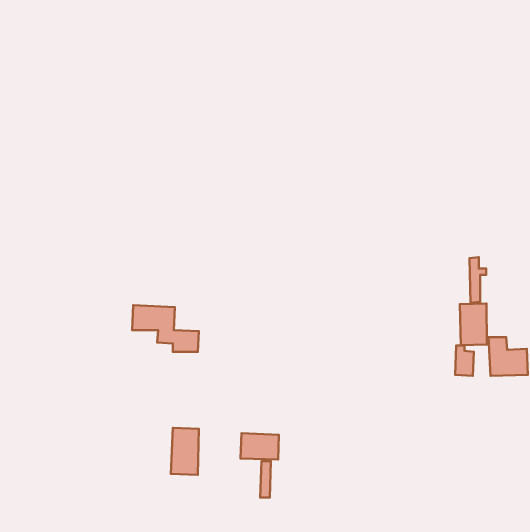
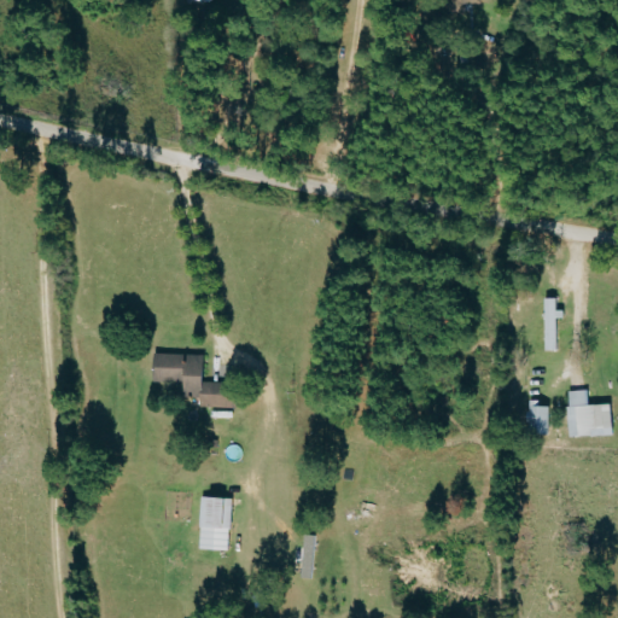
building: [460,304,487,345] -> none
building: [241,433,279,459] -> none

